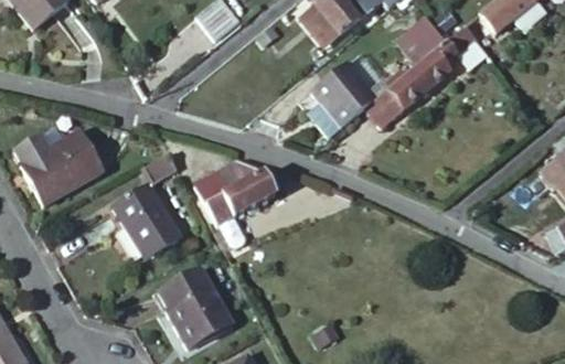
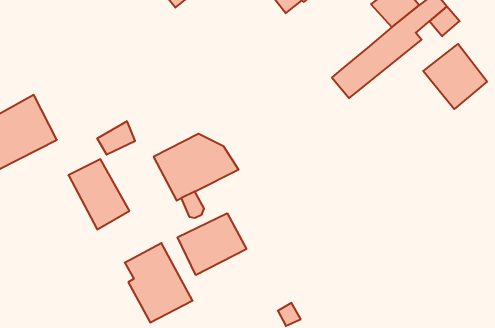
building: [307,65,373,130] -> none
building: none -> [423,44,487,109]
building: none -> [178,213,246,275]

